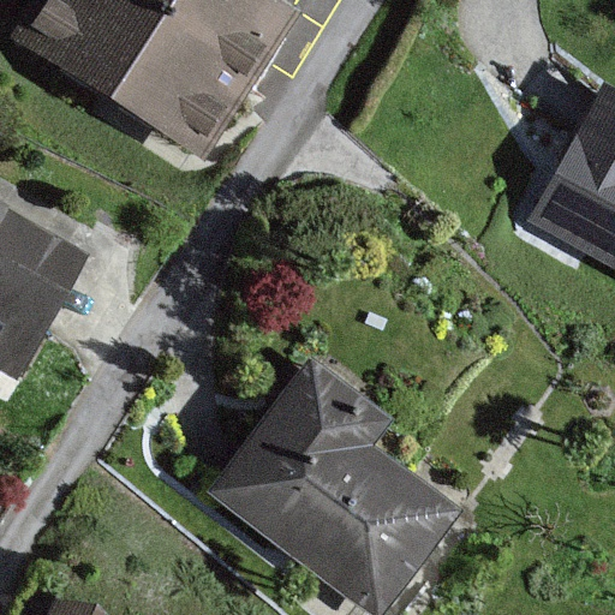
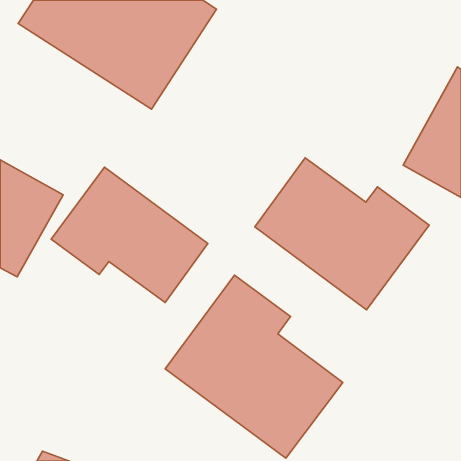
building: none -> [255,158,429,310]
building: none -> [51,167,208,302]

